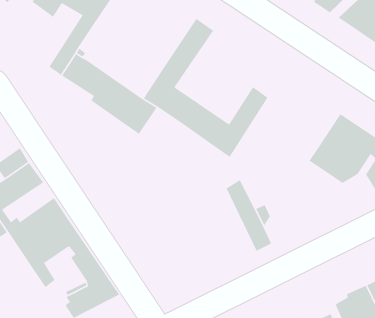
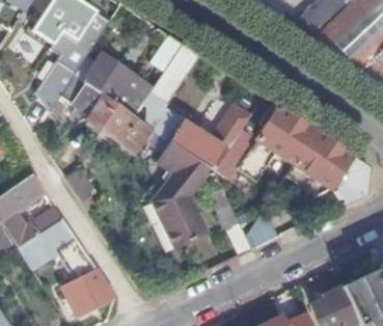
building: none -> [85,54,154,115]
building: none -> [240,104,317,179]
building: none -> [152,139,214,249]

